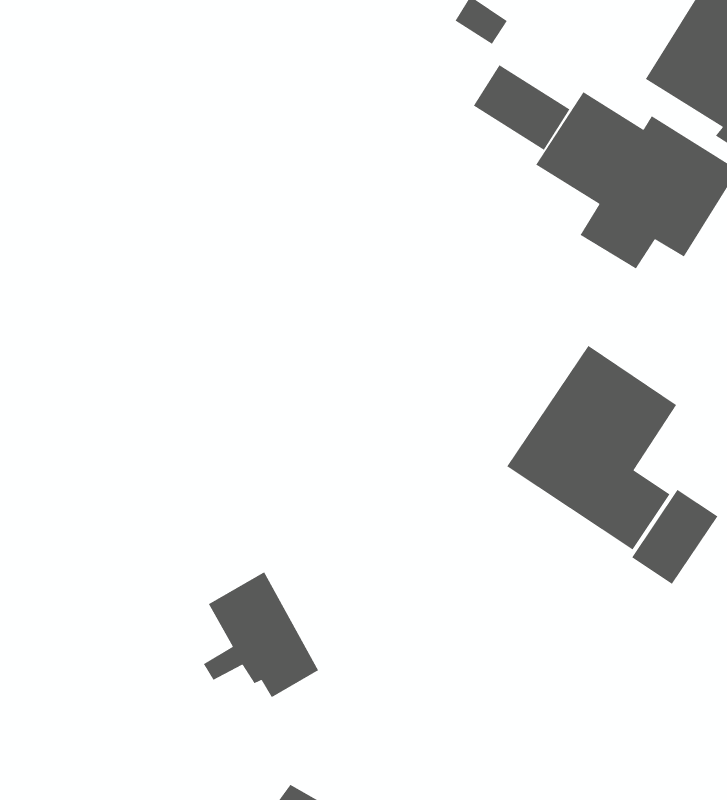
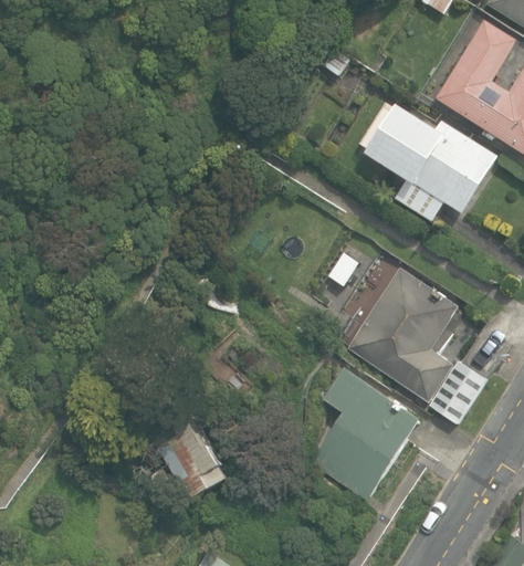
building: [473,64,571,151] -> none
building: none -> [308,366,420,499]

